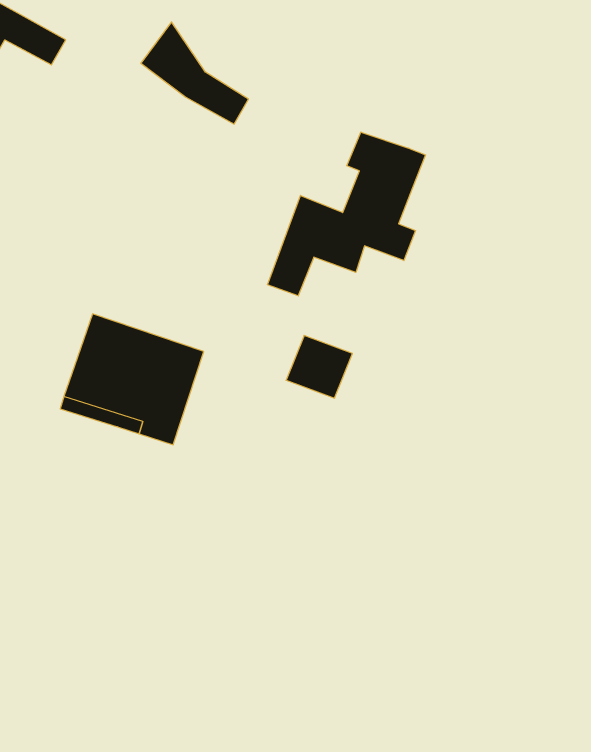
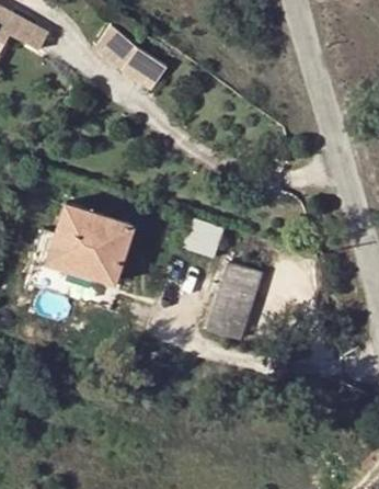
building: [267,132,425,296] -> none
building: none -> [207,262,263,342]

